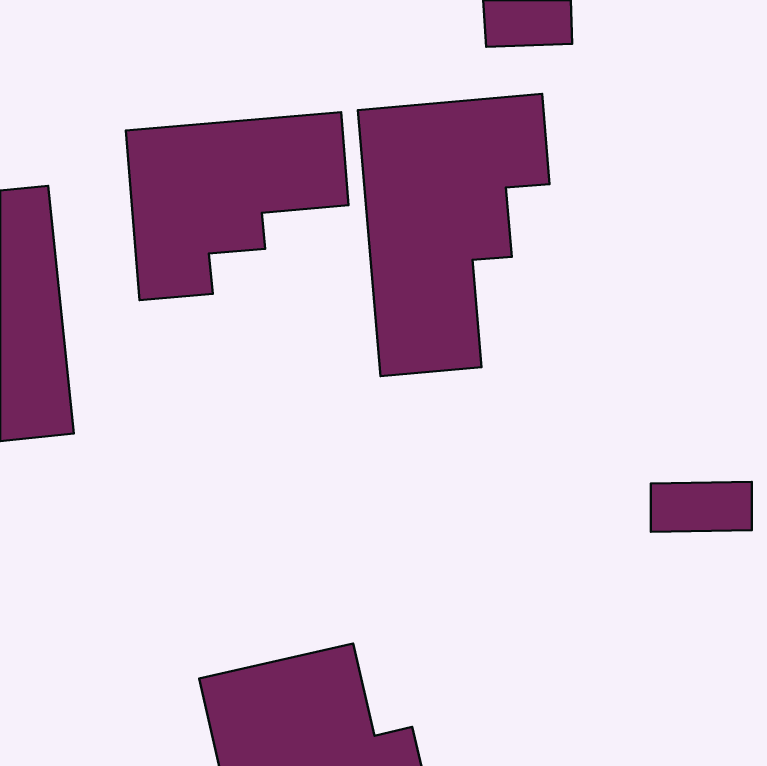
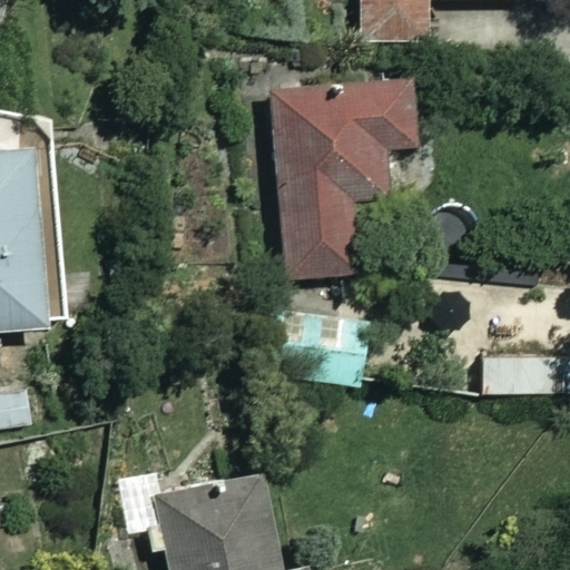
building: [126,112,349,300] -> none

